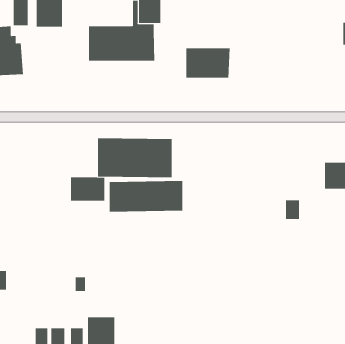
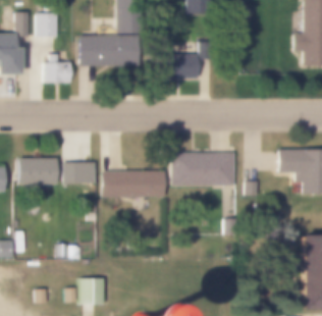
building: none -> [45,48,71,85]
building: [97,138,173,178] -> [171,148,234,181]
building: none -> [15,149,53,180]

